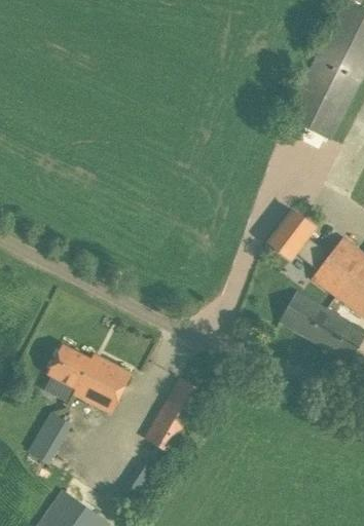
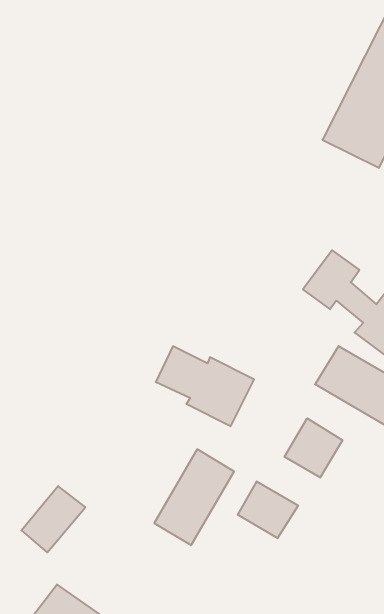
building: [47,345,130,412] -> [156,346,254,426]
building: none -> [285,418,342,478]
building: none -> [238,481,298,538]

